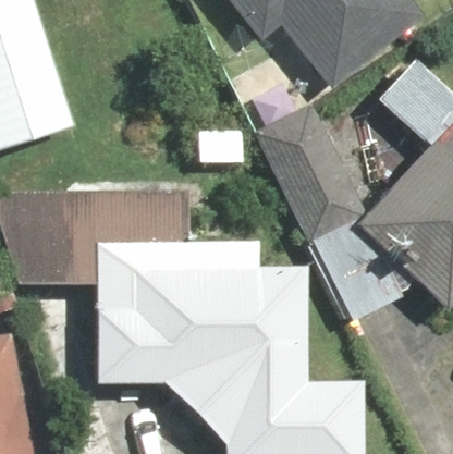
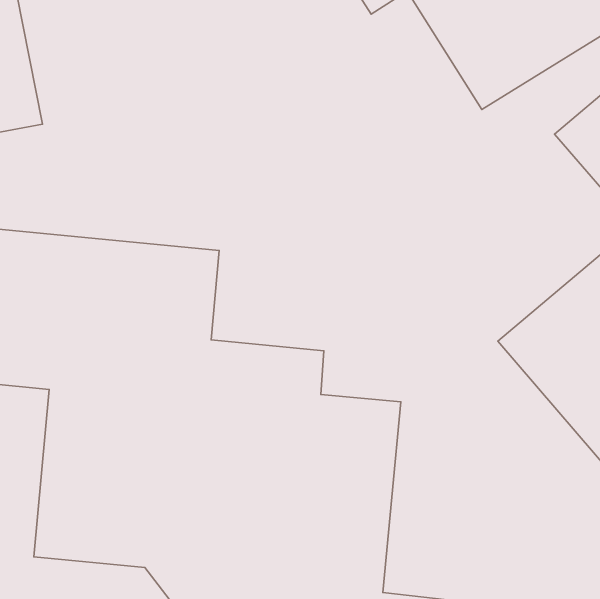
building: [256,102,367,237] -> none

